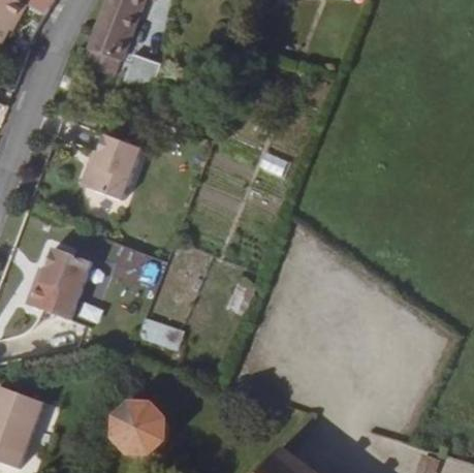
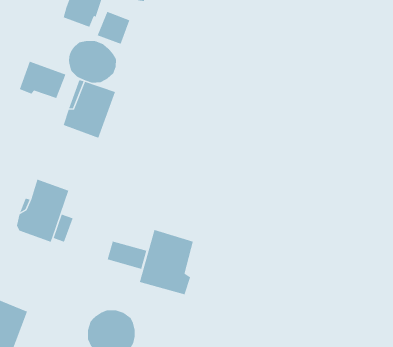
building: none -> [69,40,116,84]
building: none -> [19,61,66,99]
building: none -> [139,229,194,295]

